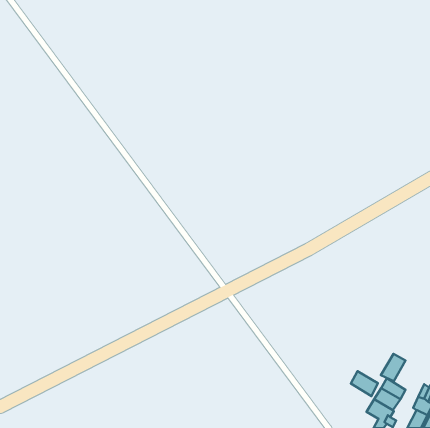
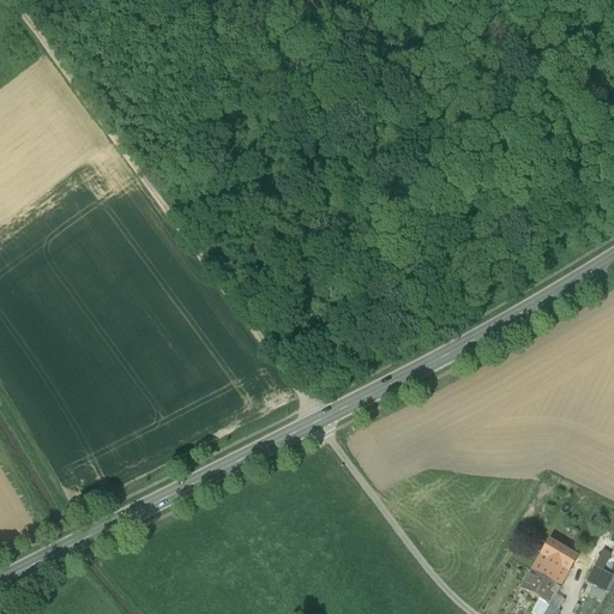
building: [381,354,406,381] -> none
building: [351,371,378,396] -> none

